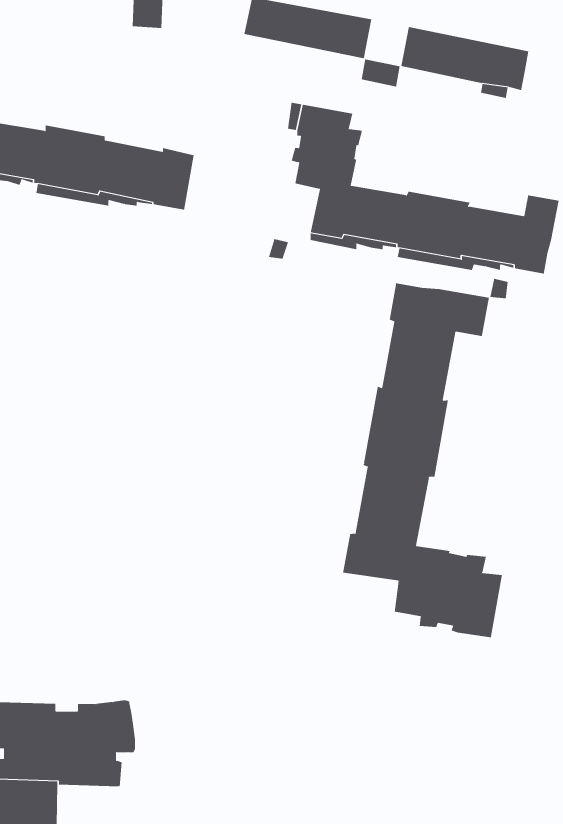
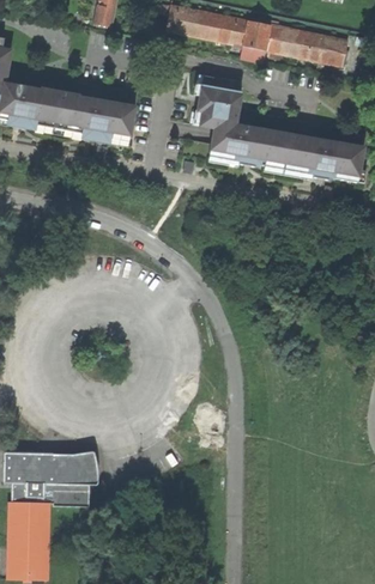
building: none -> [243,19,271,49]
building: [343,282,502,638] -> none

